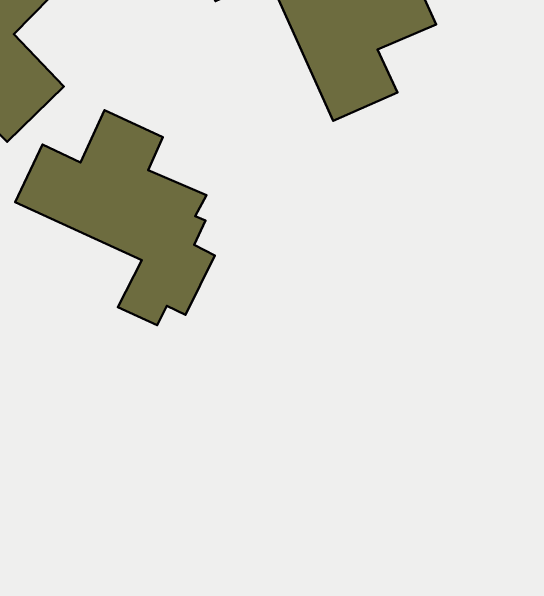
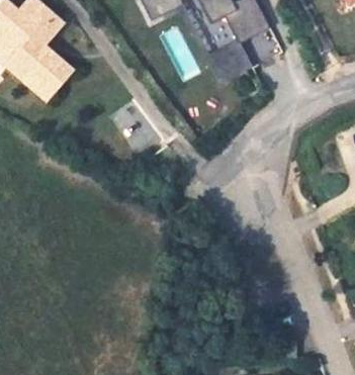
building: [15,110,215,325] -> none

